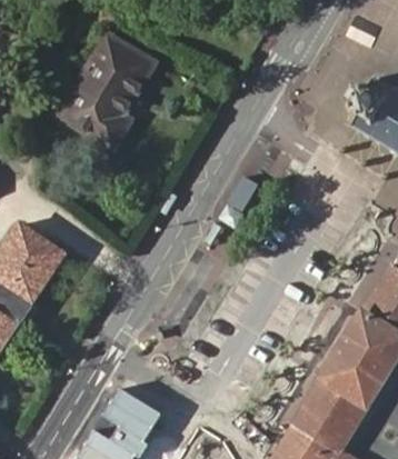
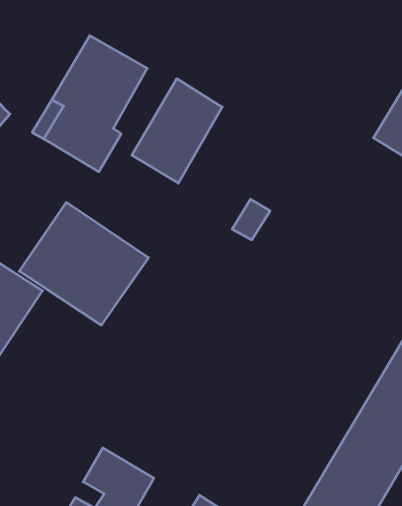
building: none -> [132,79,222,183]
building: none -> [19,202,148,325]

